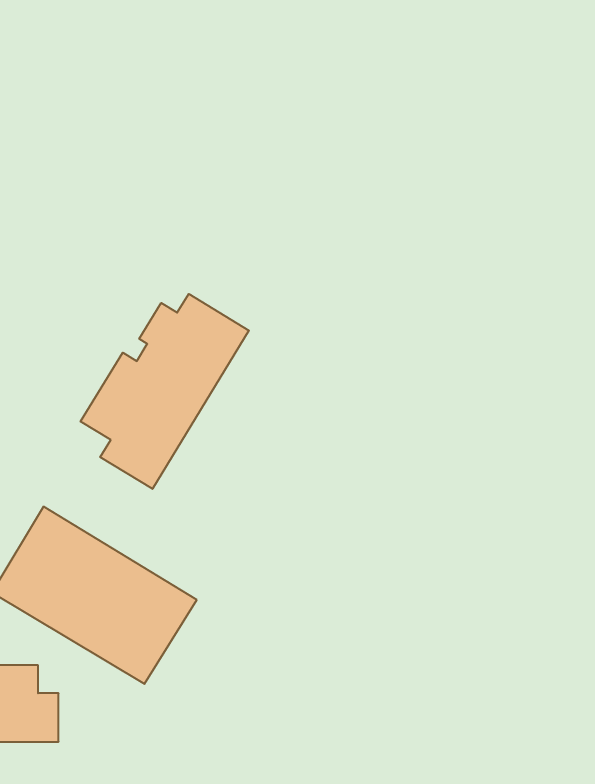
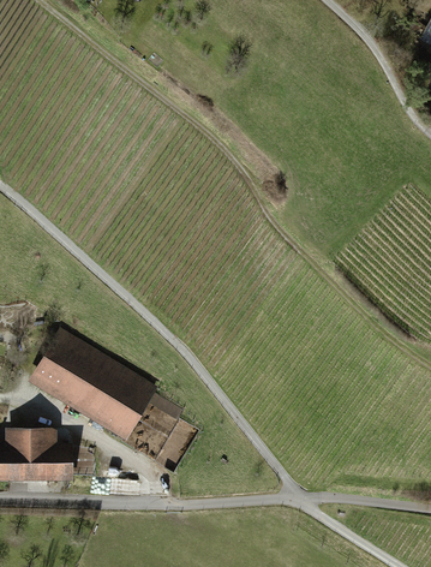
building: [81,294,249,489] -> none

